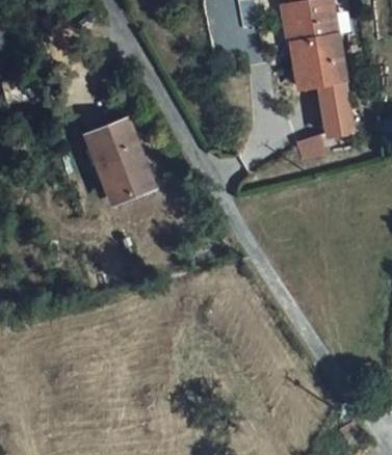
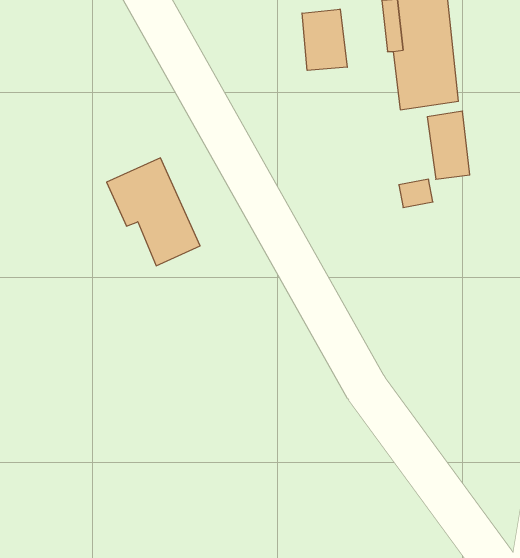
building: none -> [302,9,347,70]

